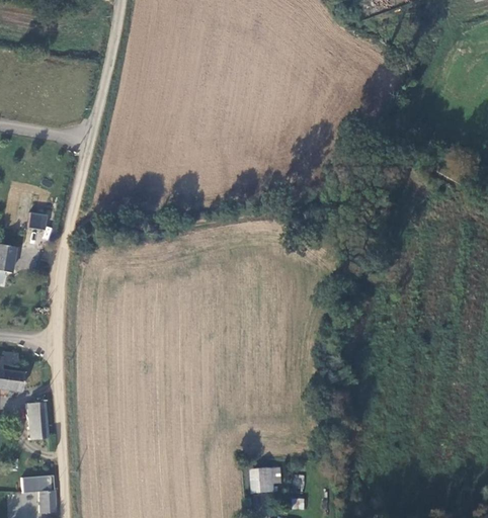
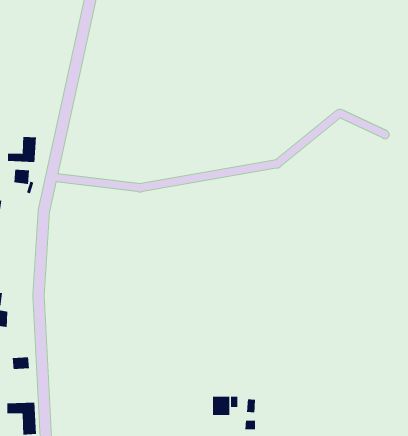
building: none -> [8,136,37,163]
building: [25,401,46,426] -> none

